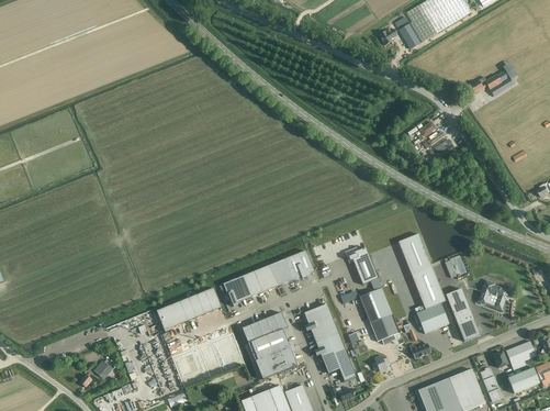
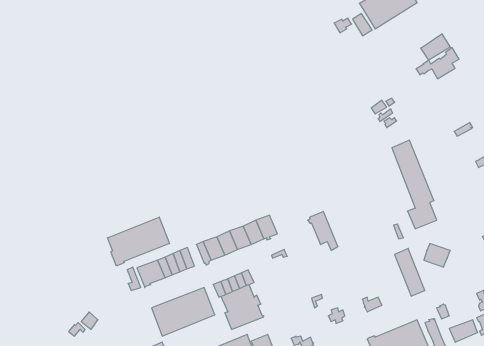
building: none -> [421,34,450,60]
building: [399,233,449,333] -> [392,140,437,229]
building: none -> [107,217,169,266]
building: [359,288,404,344] -> none
building: [304,303,356,381] -> none
building: [505,341,536,370] -> none

